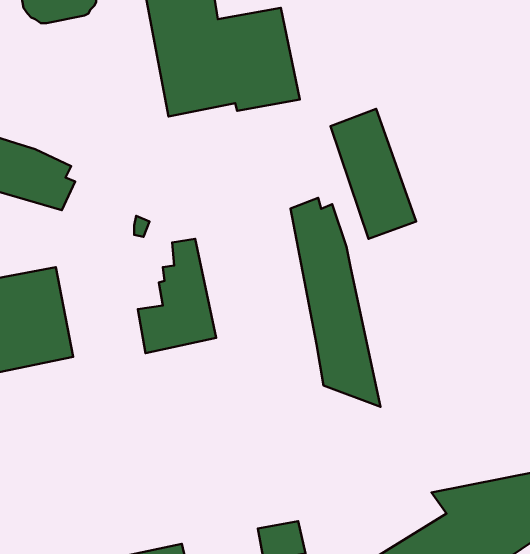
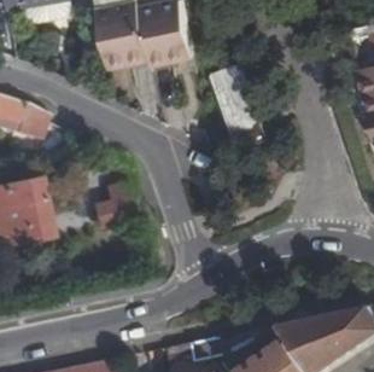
building: [290,198,380,407] -> none

